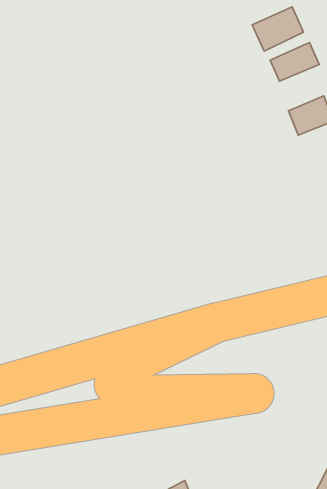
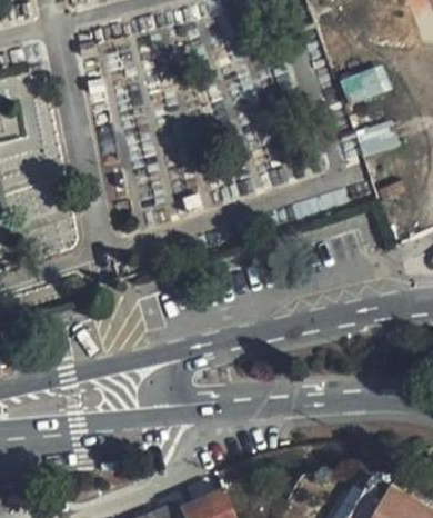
building: [252,7,303,51] -> none

